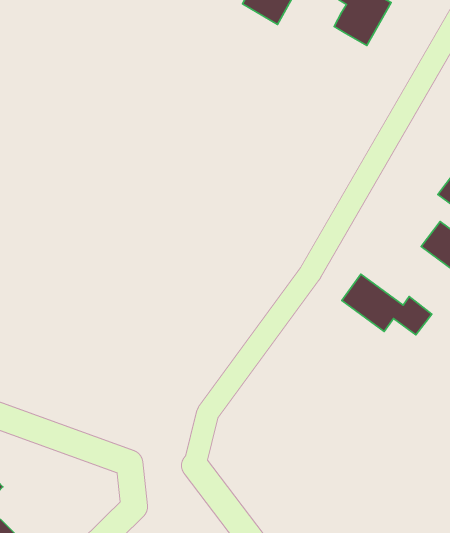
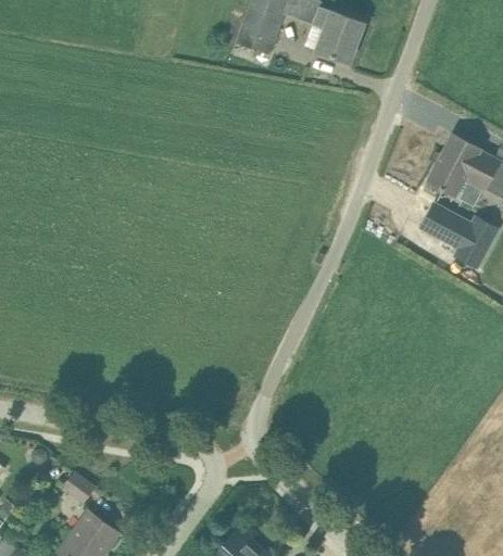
building: [342,274,432,335] -> none

